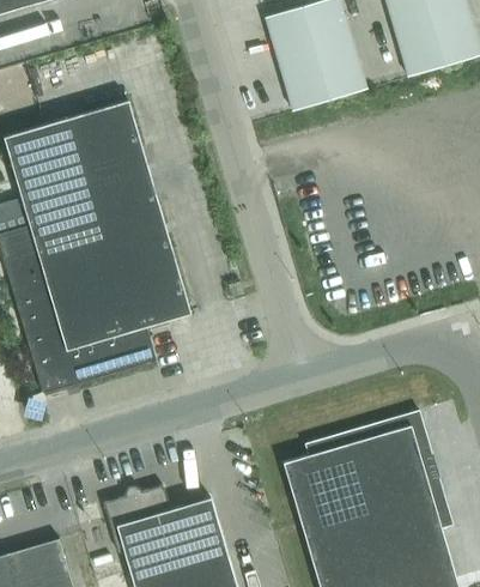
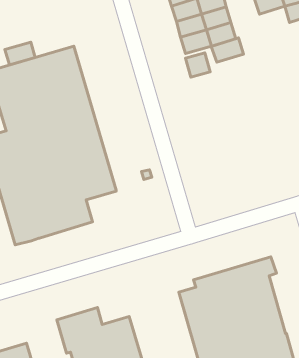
building: [401,41,445,75] -> none
building: none -> [211,38,244,62]
building: none -> [5,42,35,65]
building: none -> [185,53,210,77]

